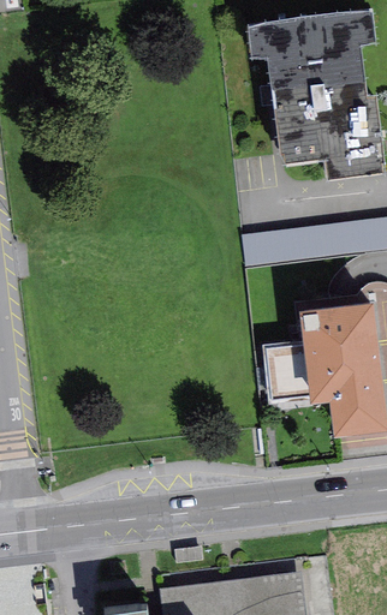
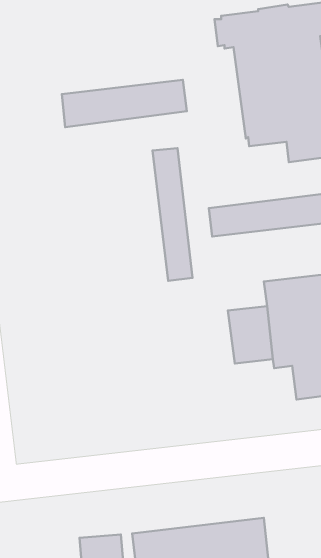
building: none -> [62,80,187,127]
building: none -> [152,148,192,281]

